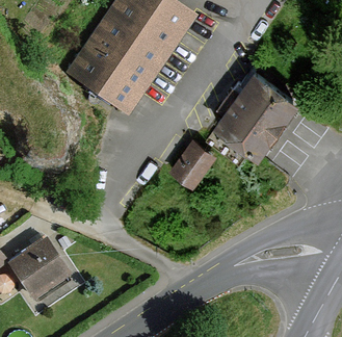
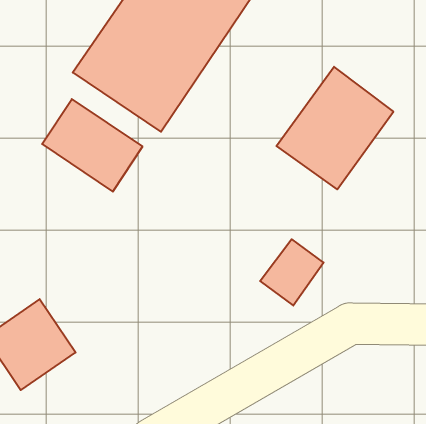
building: none -> [42,99,142,192]
building: [169,138,215,186] -> [260,239,324,306]

